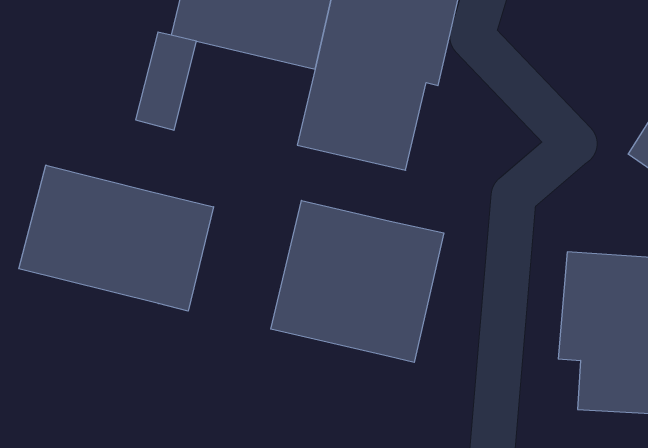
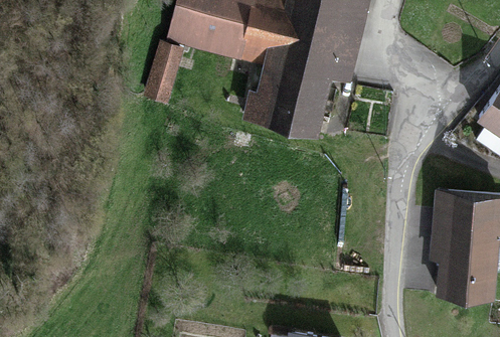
building: [19,165,214,311] -> none
building: [271,200,444,362] -> none

